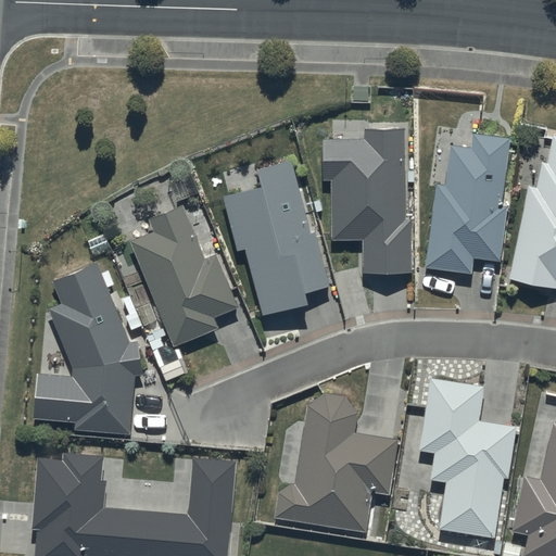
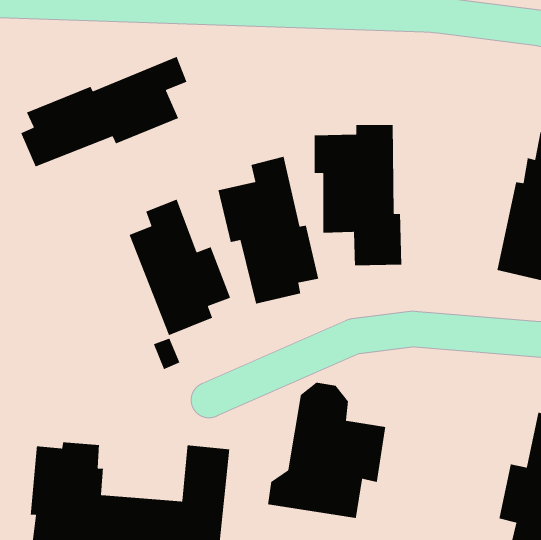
building: none -> [20,56,187,168]
building: [425,135,509,274] -> none
building: [34,263,143,437] -> none
building: [418,379,517,538] -> none

